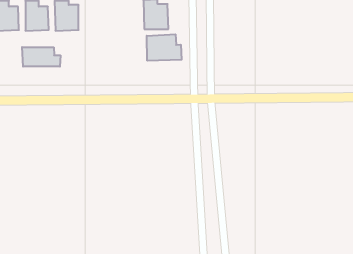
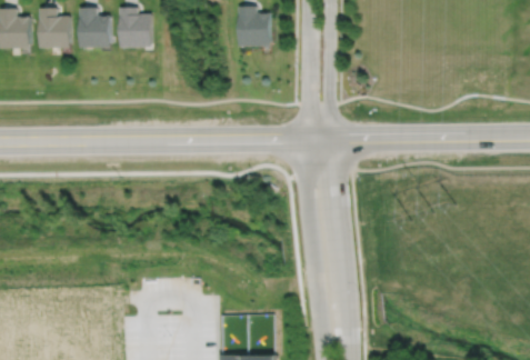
building: [147,34,182,61] -> none
building: [22,47,60,67] -> none

